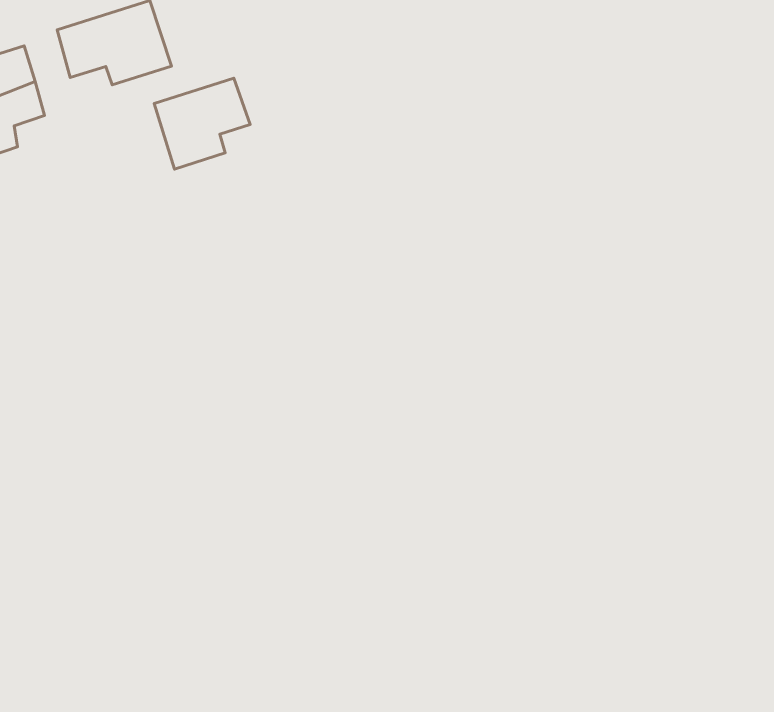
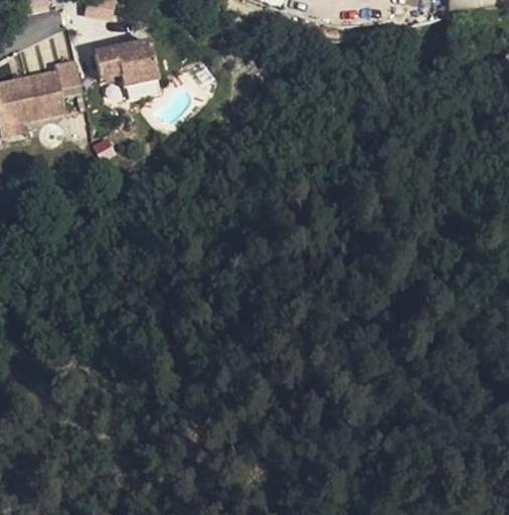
building: [154,78,250,169] -> none

